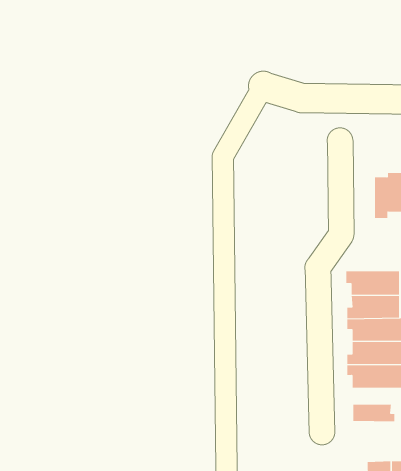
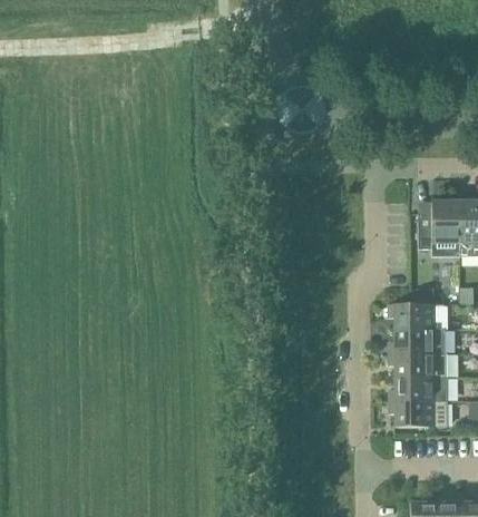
building: [353,404,395,422] -> none

